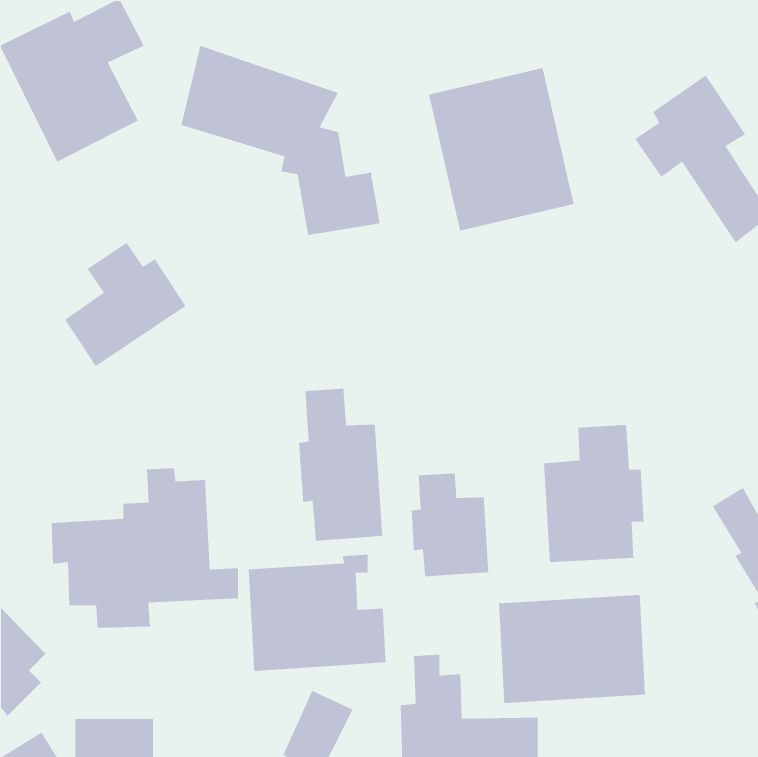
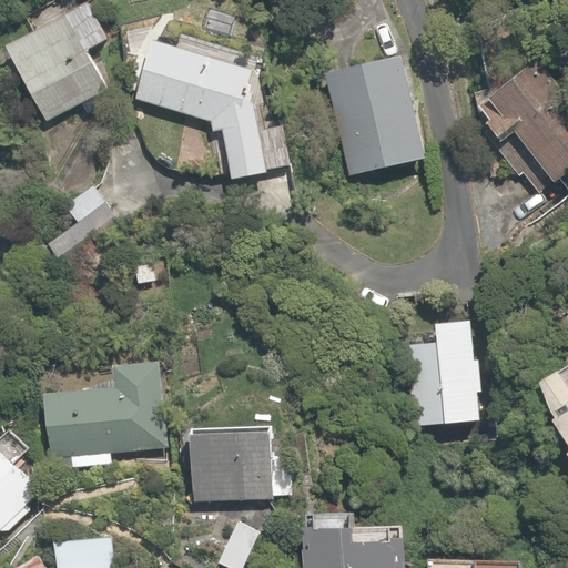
building: [298,388,383,542] -> none
building: [411,472,489,577] -> none
building: [498,594,646,704] -> none

